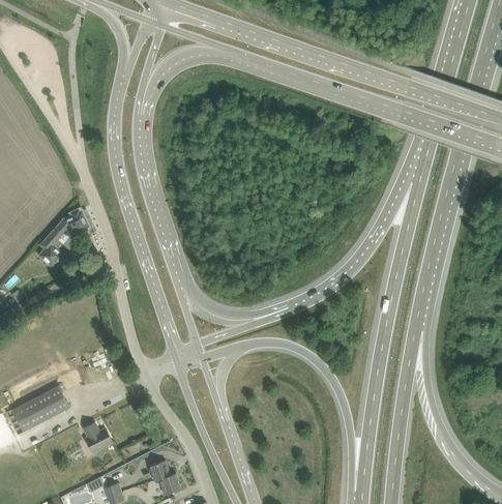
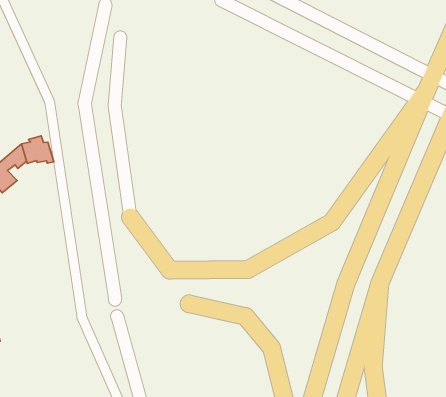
building: [82,421,113,453] -> none

